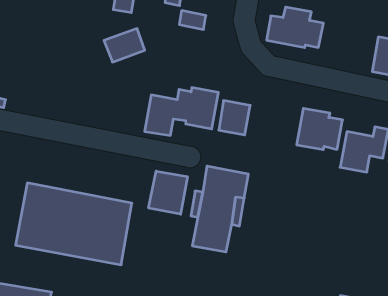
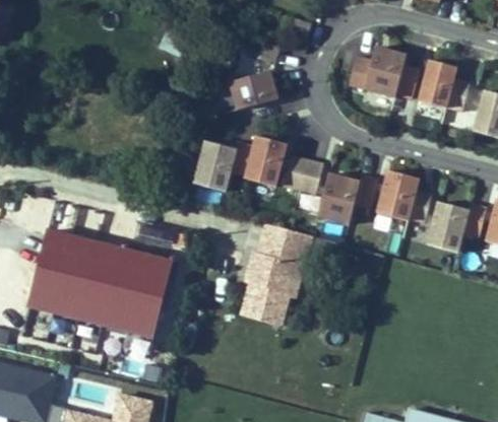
building: none -> [415,60,465,111]
building: [104,29,145,62] -> [227,74,274,112]
building: none -> [315,168,376,221]
building: [149,171,187,214] -> none

